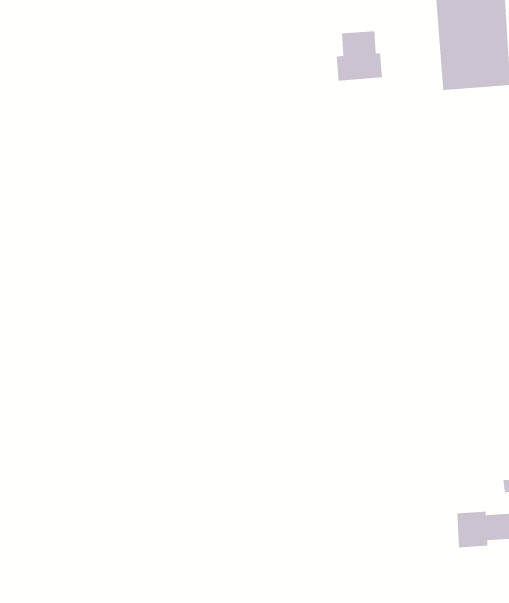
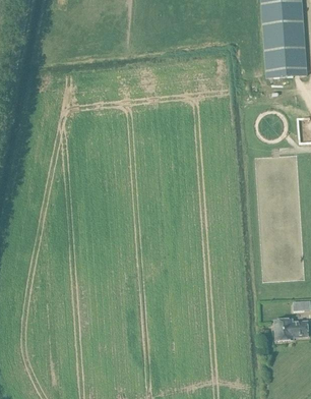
building: [336,31,383,81] -> none

